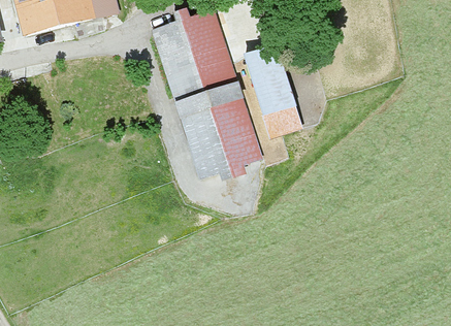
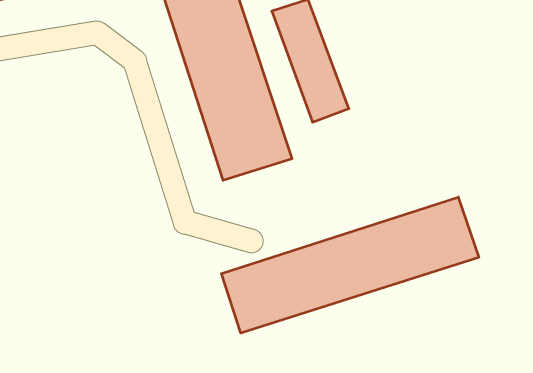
building: none -> [221,197,479,333]

